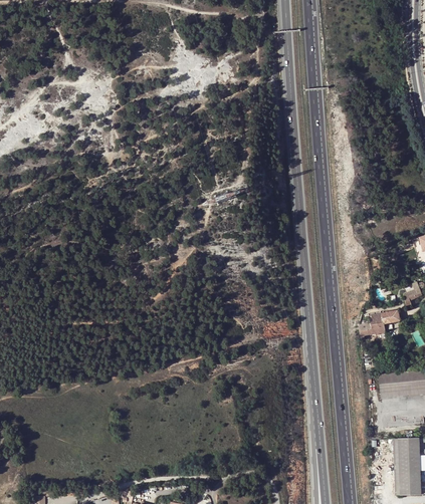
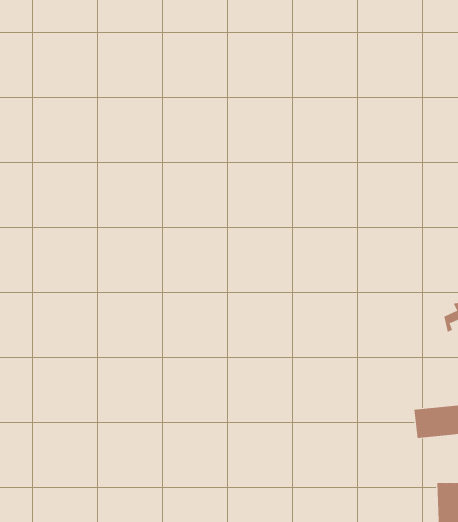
building: [358,310,399,339] -> none

